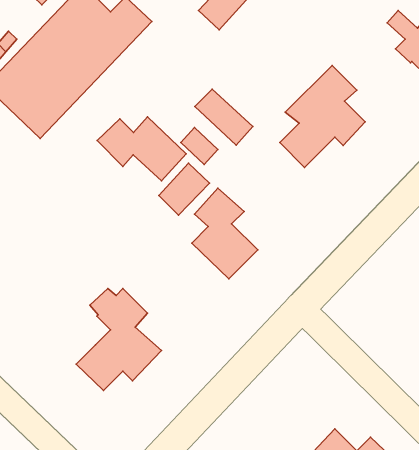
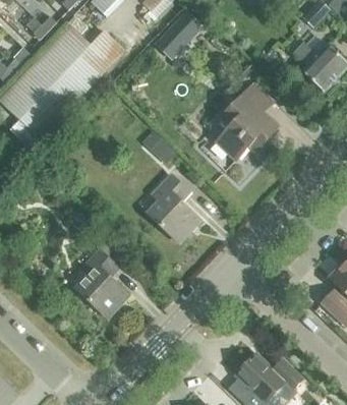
building: [195,89,253,145] -> none
building: [97,117,186,181] -> none
building: [159,163,210,215] -> none

